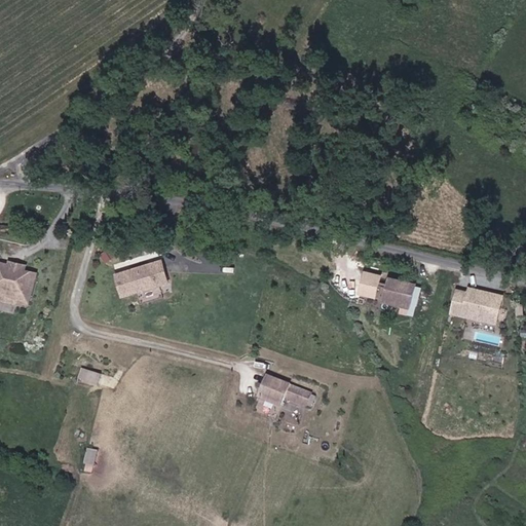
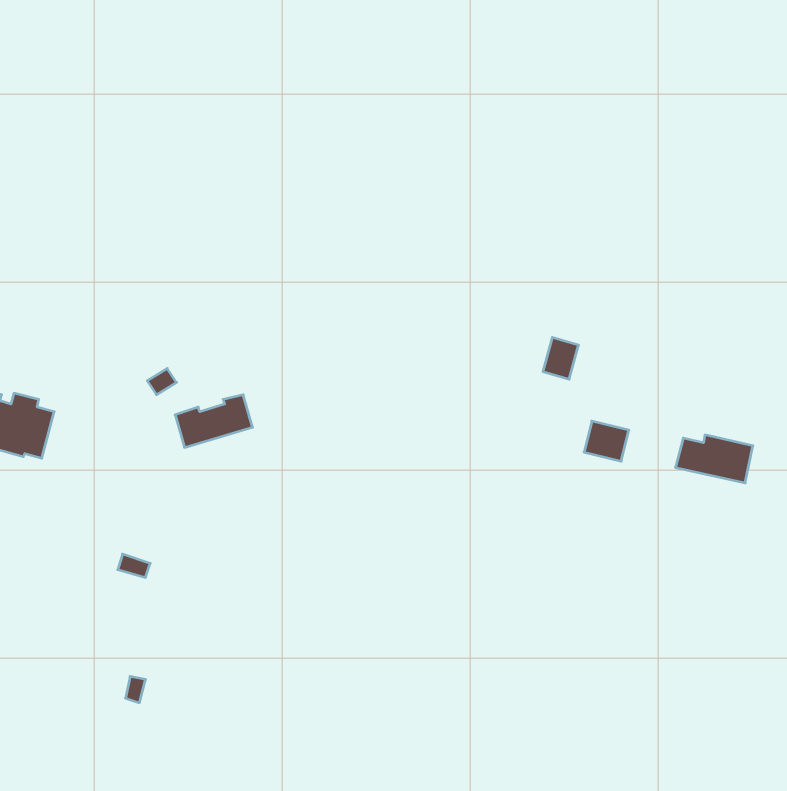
building: [354,270,378,298] -> [543,337,579,379]
building: [259,379,309,408] -> none

